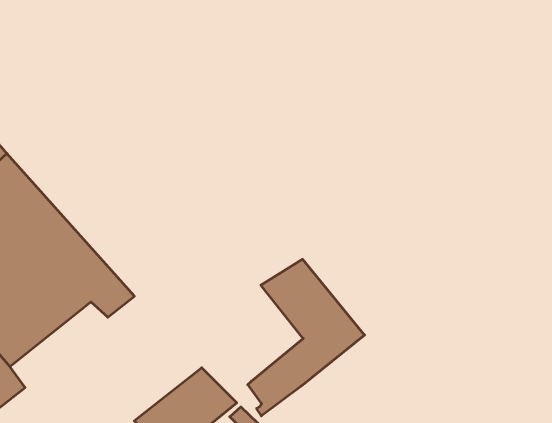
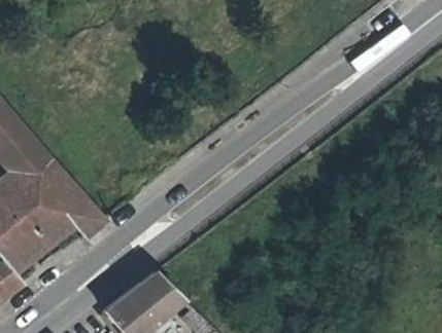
building: [248,259,365,416] -> none

